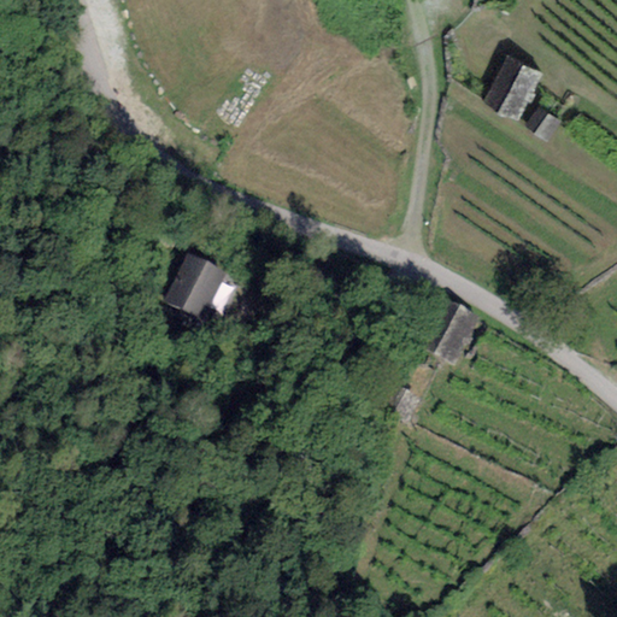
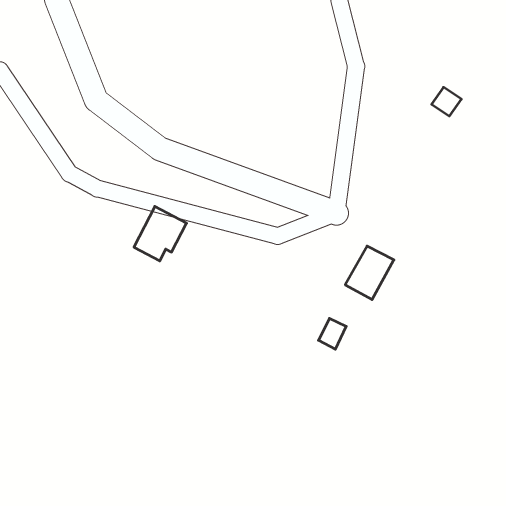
building: [483,55,543,121] -> none

